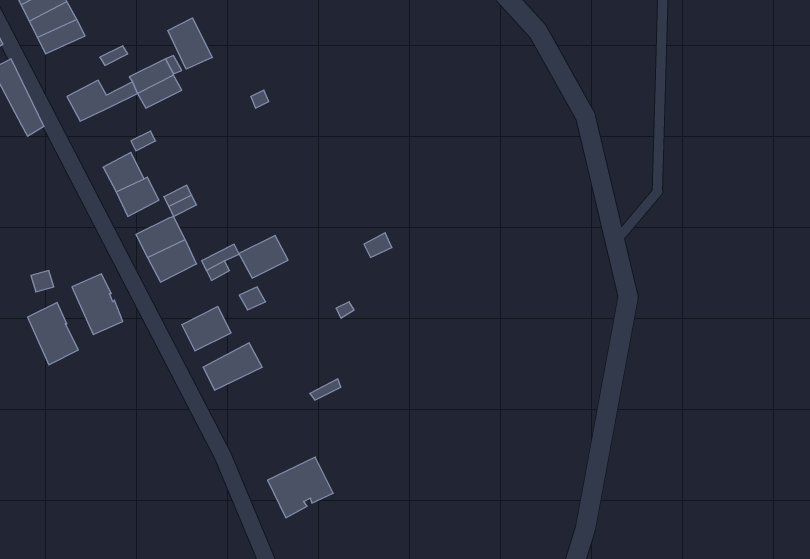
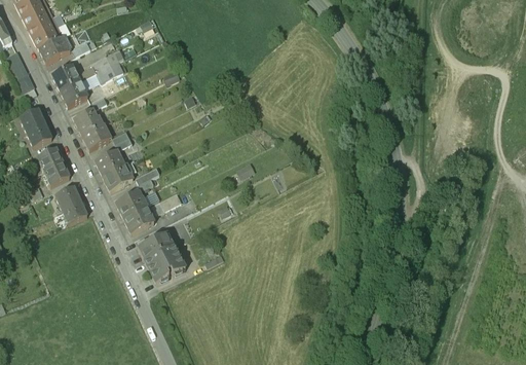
building: [168,18,212,69] -> none
building: none -> [38,36,70,63]
building: none -> [60,80,87,106]
building: none -> [20,108,51,146]
building: [239,235,288,278] -> [115,190,146,217]
building: [28,302,78,365] -> [37,146,69,185]
building: [268,457,333,518] -> [144,244,185,282]

